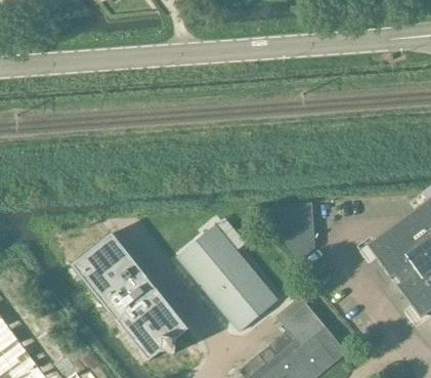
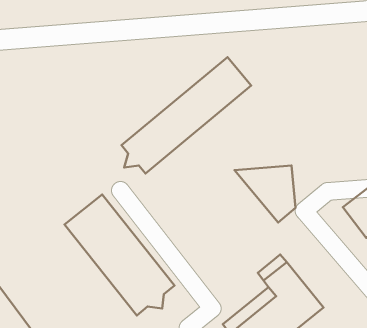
building: none -> [122,57,251,174]
building: [179,223,279,331] -> none

